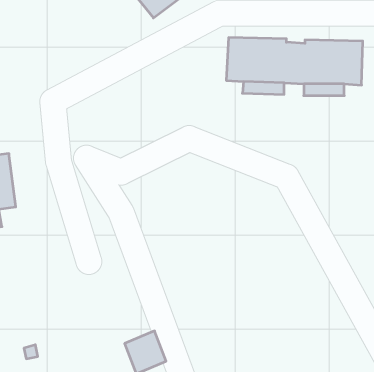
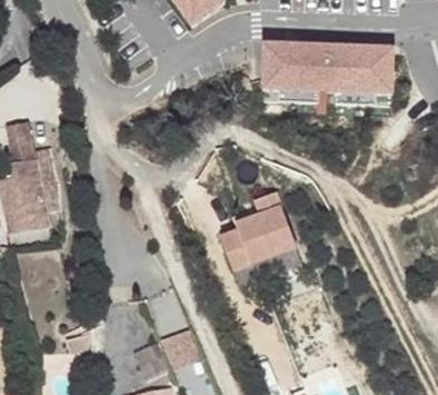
building: none -> [230,199,305,273]

